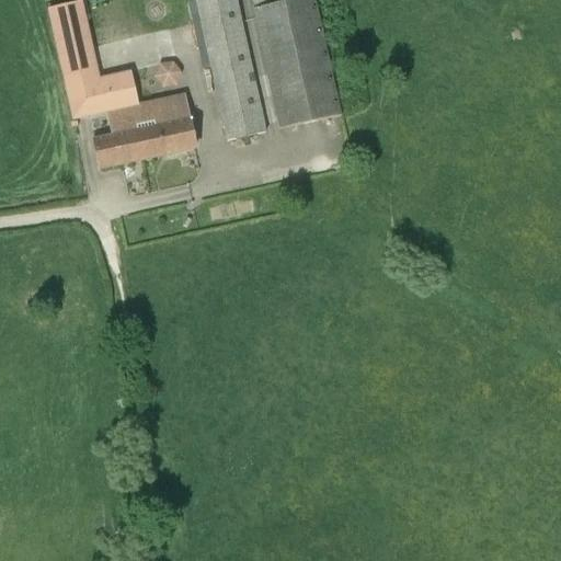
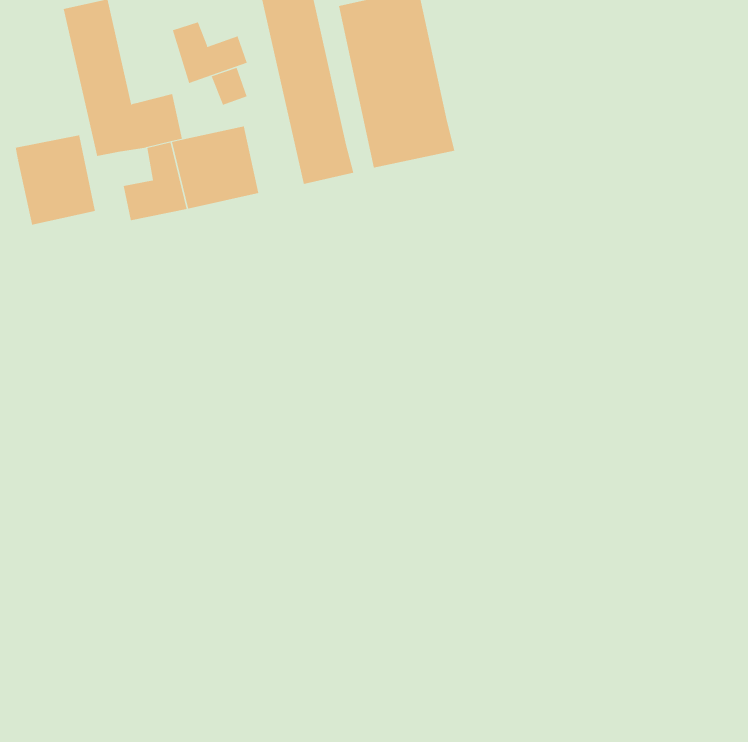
building: none -> [172,21,248,84]
building: none -> [15,135,96,225]

